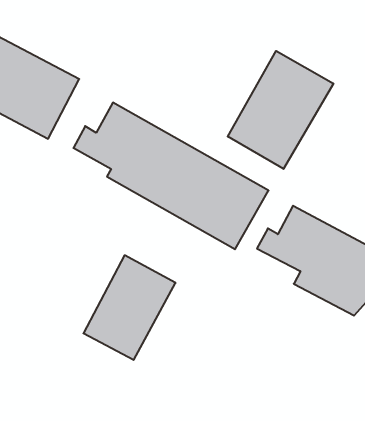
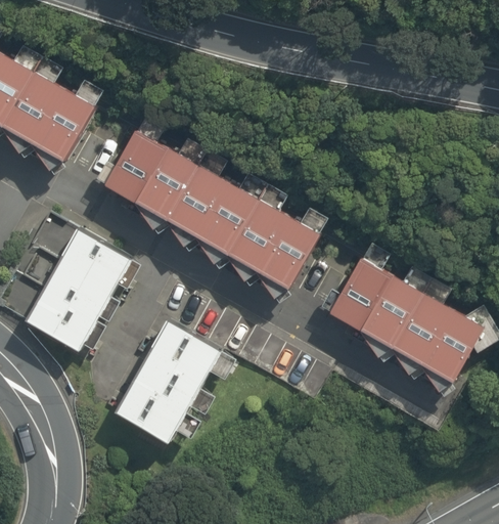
building: [228,51,333,169] -> none
building: none -> [16,232,127,357]

